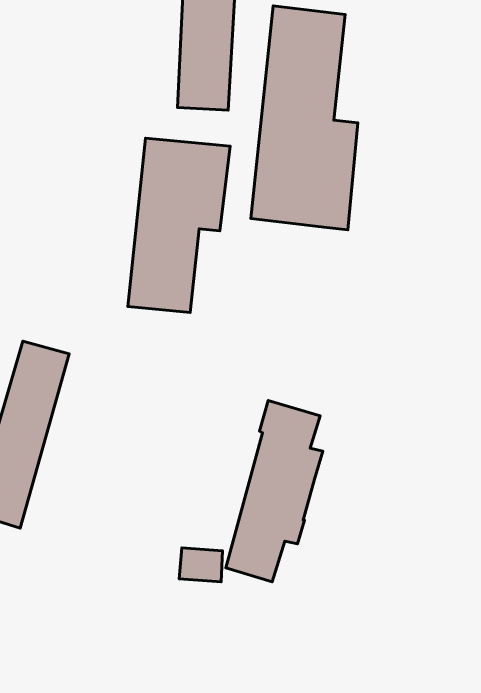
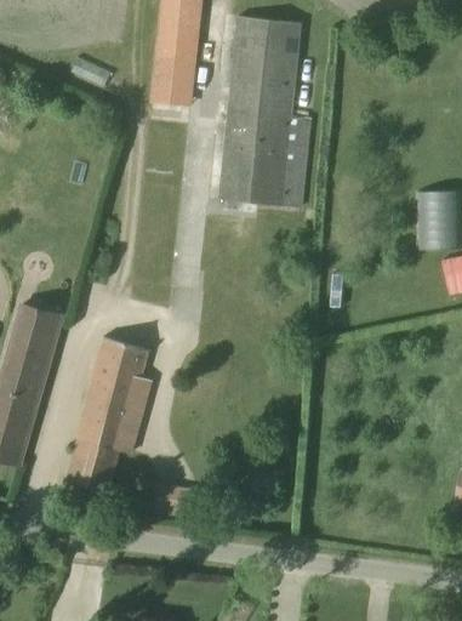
building: [128,138,230,312] -> none
building: [226,400,323,582] -> [67,336,150,492]

